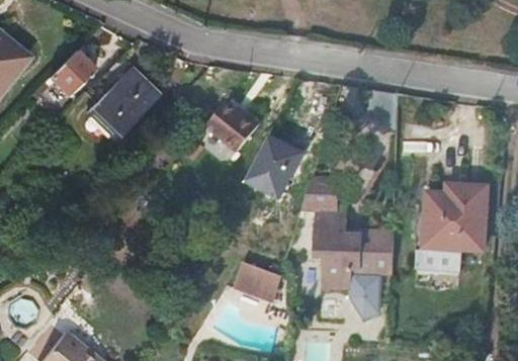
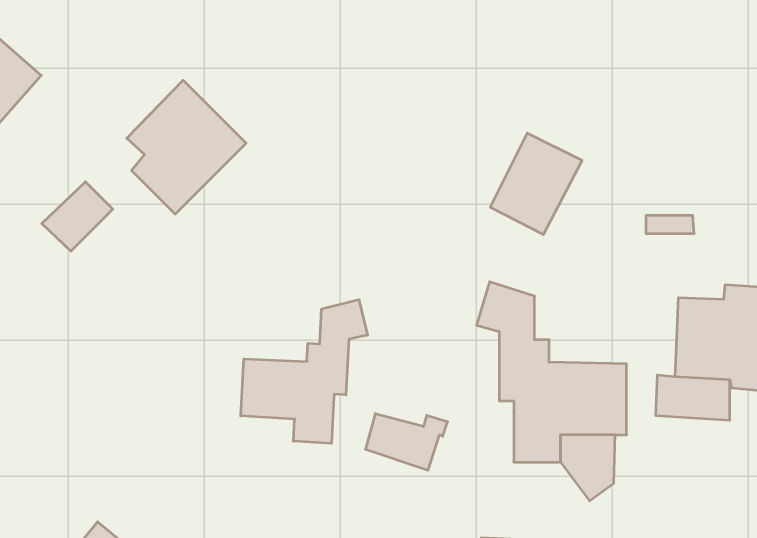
building: [49,52,93,95] -> [42,182,113,251]
building: [203,102,259,154] -> none
building: [244,137,301,200] -> [490,133,582,235]
building: none -> [241,300,368,443]

